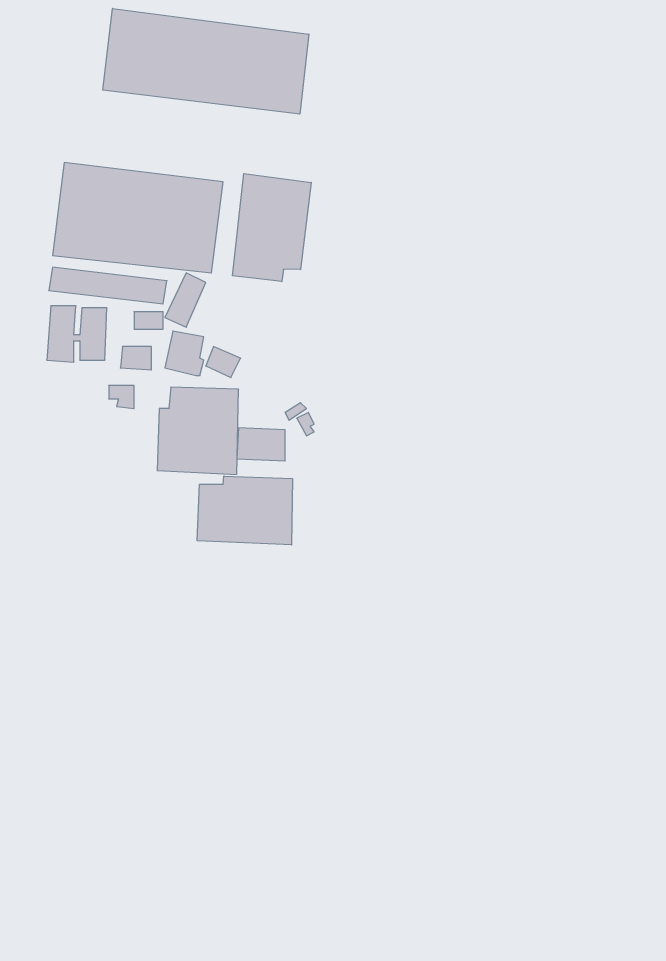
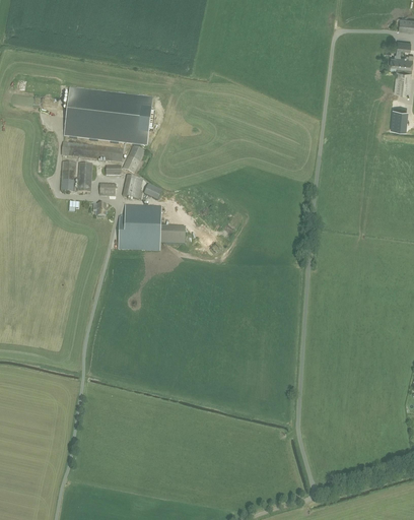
building: [103,8,309,114] -> none
building: [233,174,311,282] -> none
building: [197,476,292,545] -> none

